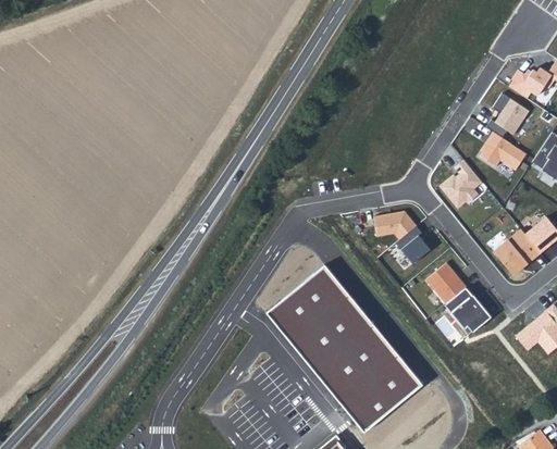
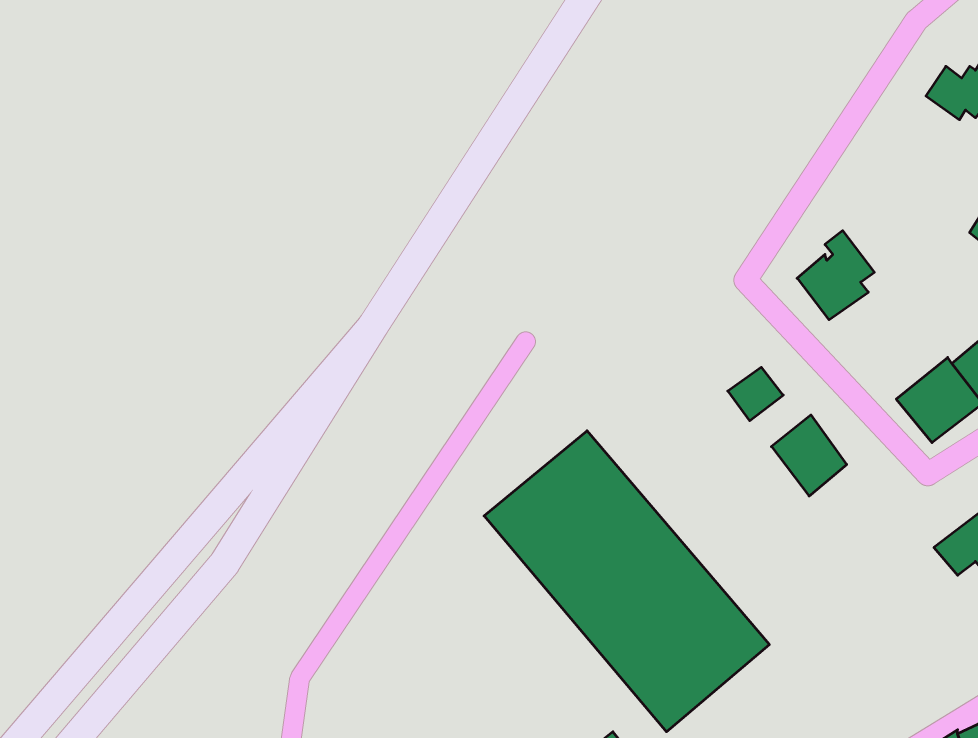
building: [494,92,530,134] -> none
building: [478,132,528,171] -> none
building: [373,210,418,239] -> none
building: [446,288,492,333] -> none

